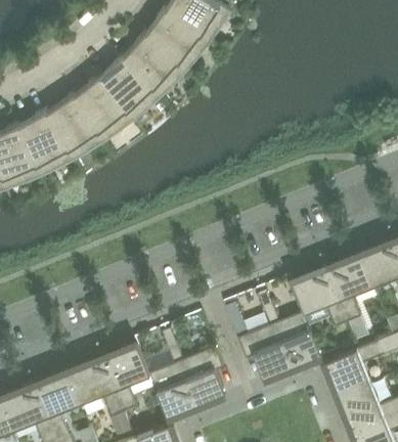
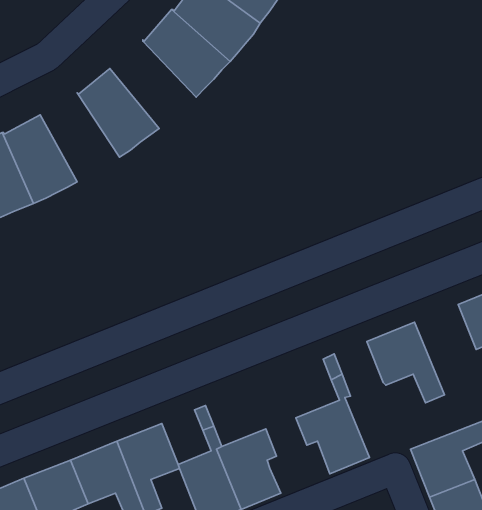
building: [98,55,163,121] -> none
building: [46,94,105,161] -> none
building: [326,253,372,320] -> none
building: [274,311,321,367] -> none

